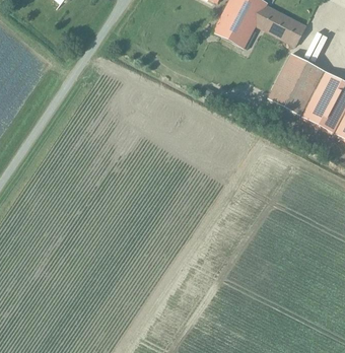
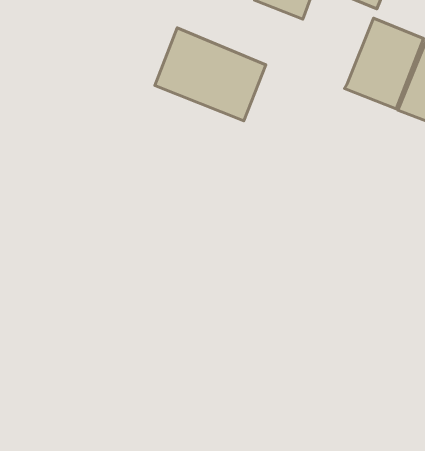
building: none -> [155,28,266,121]

